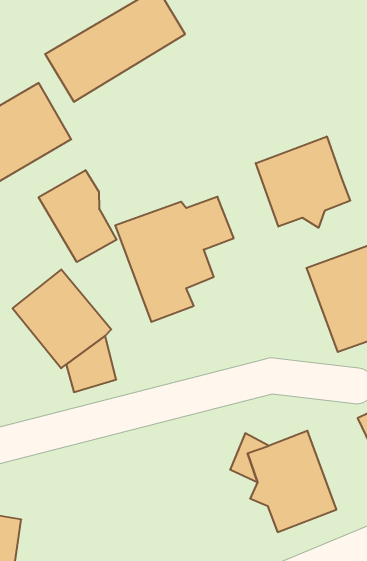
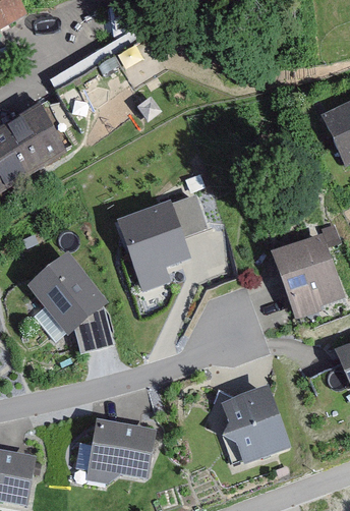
building: [256,136,350,228] -> none
building: [39,170,117,262] -> none
building: none -> [84,419,155,480]

